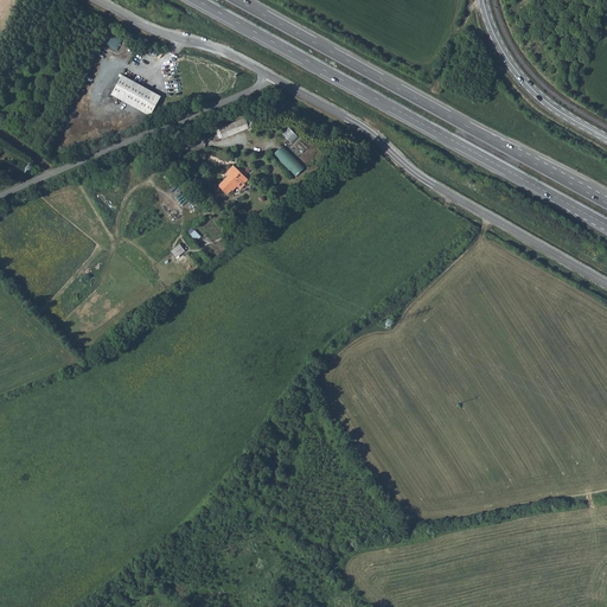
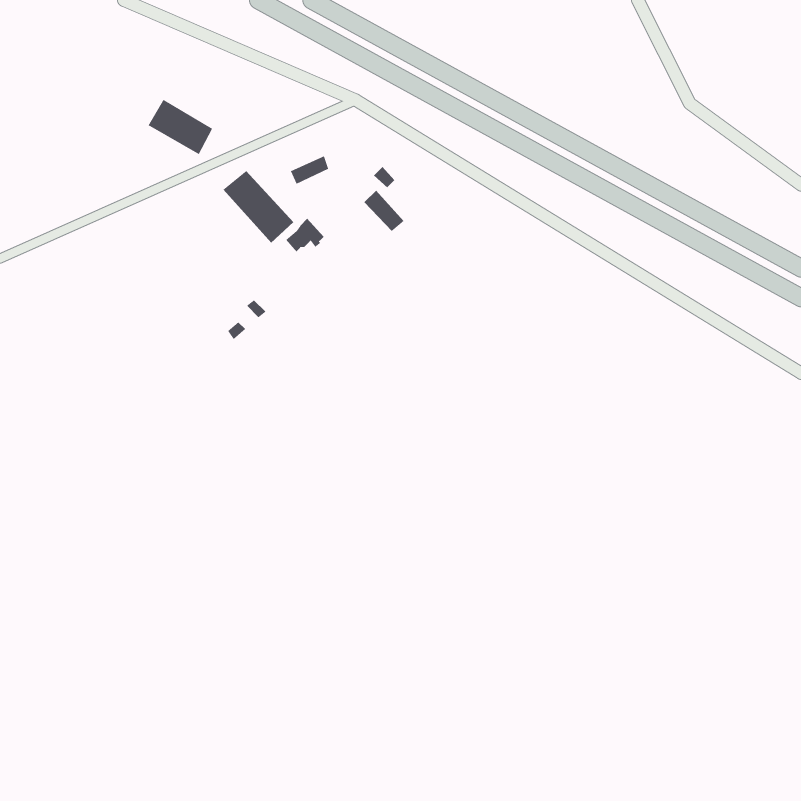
building: none -> [222,170,294,244]

